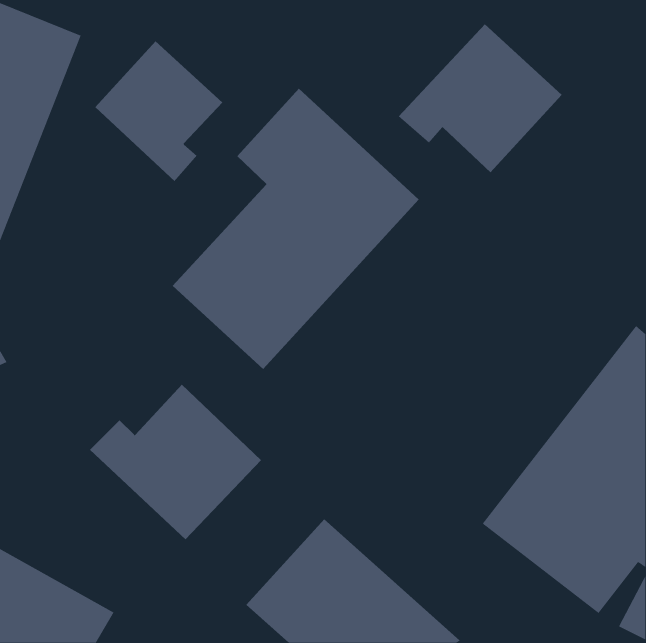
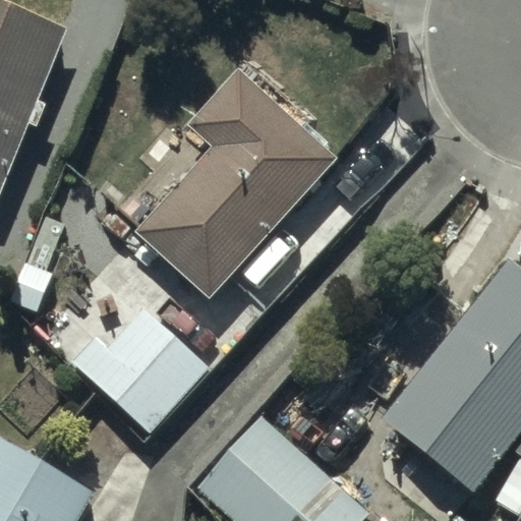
building: [398,23,563,173] -> none
building: [94,41,223,182] -> none

